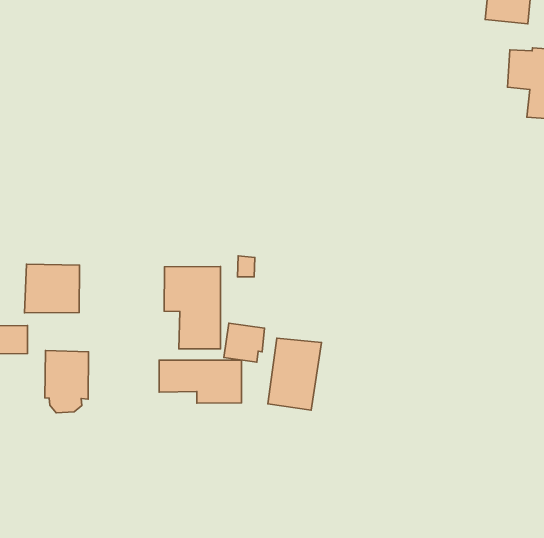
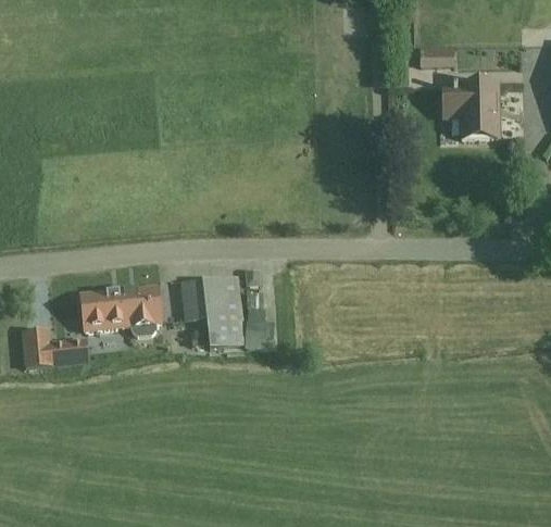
building: [268,338,321,410] -> none
building: [45,350,89,413] -> [123,286,160,336]
building: [159,360,241,403] -> none

